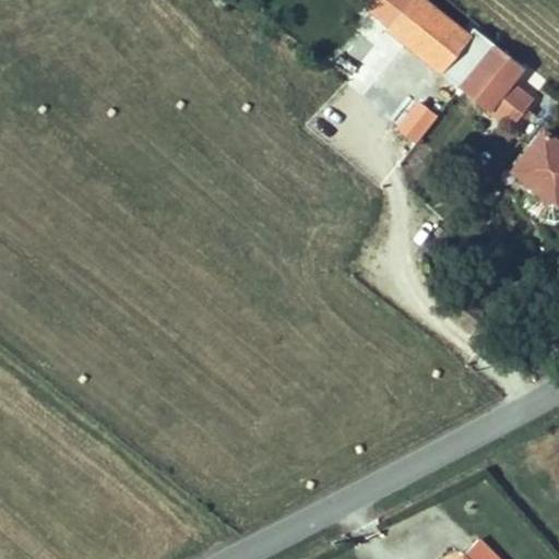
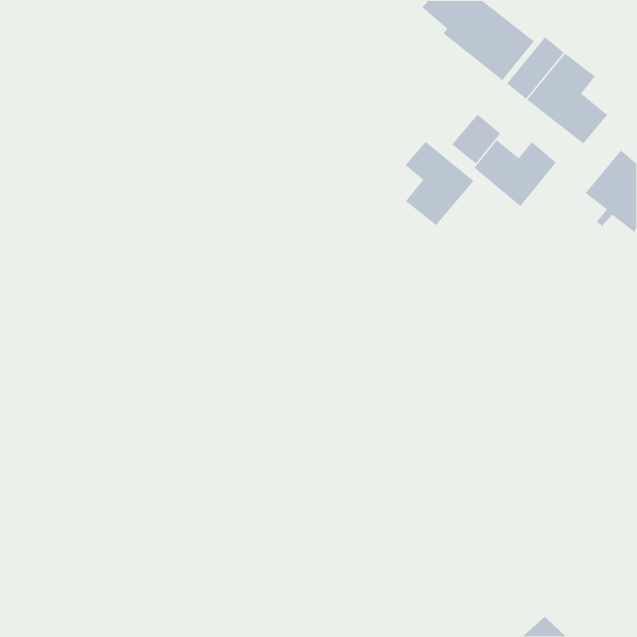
building: none -> [474,139,557,207]
building: none -> [404,141,474,226]

